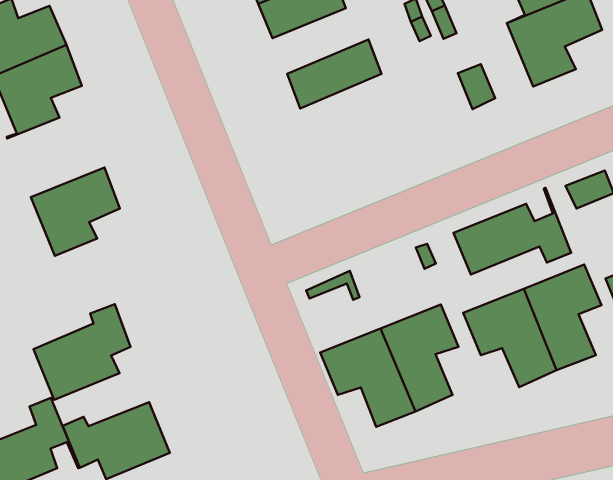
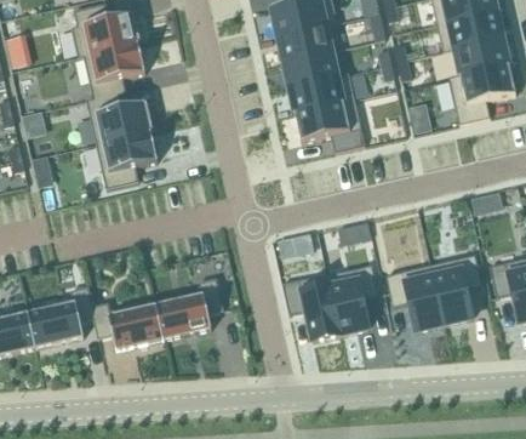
building: none -> [282,49,349,87]
building: none -> [293,98,364,150]
building: none -> [86,91,150,143]
building: [453,188,571,275] -> none
building: [33,304,131,400] -> [154,278,222,337]

